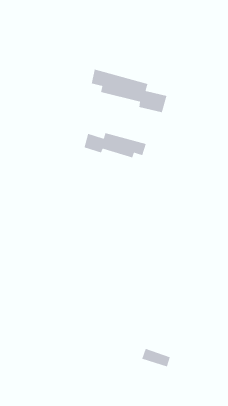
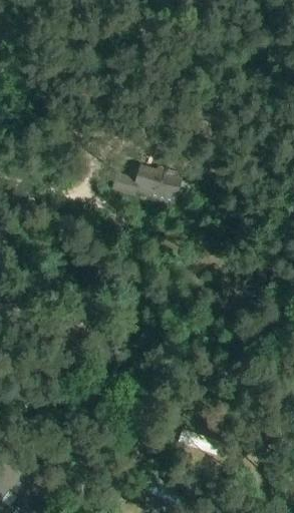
building: [91,69,167,113] -> none

